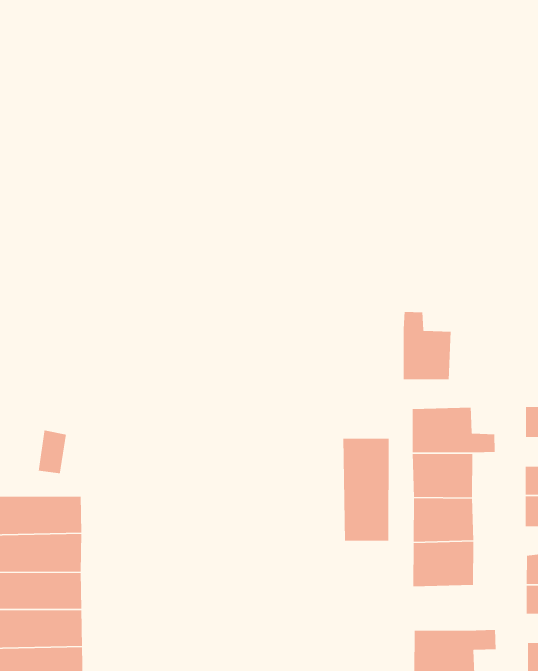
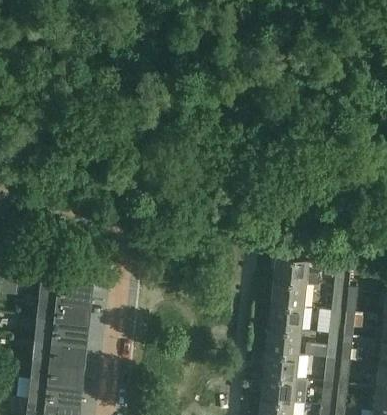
building: [403,311,451,380] -> none
building: [342,438,390,542] -> none
building: none -> [263,356,298,383]

